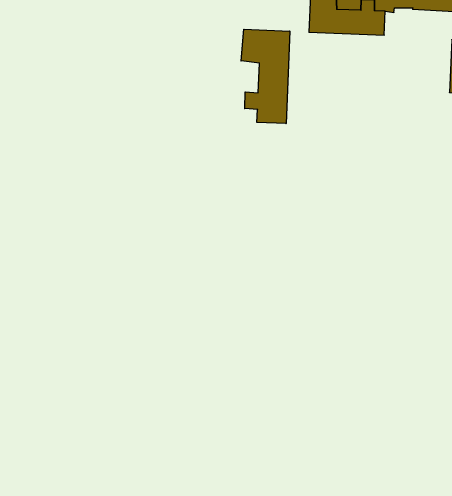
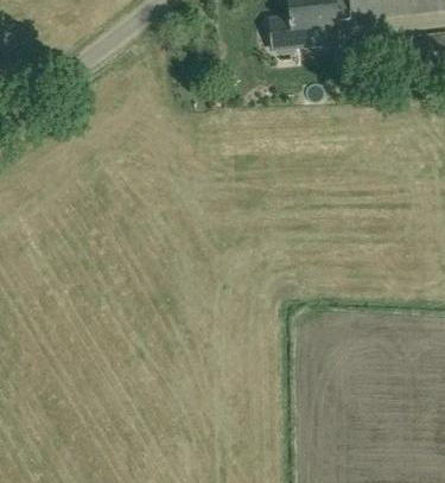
building: [241,29,290,124] -> none

